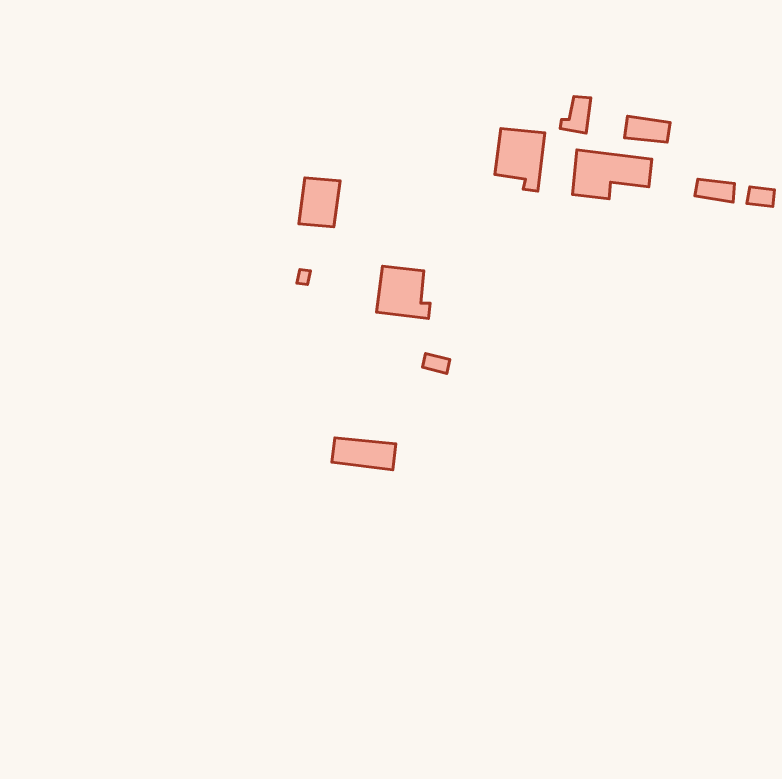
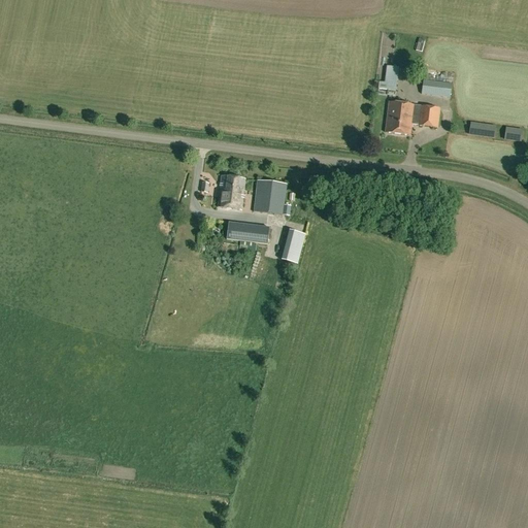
building: [495,128,545,191] -> none
building: [299,178,340,227] -> [218,175,245,208]
building: [332,438,396,470] -> [226,222,269,243]

